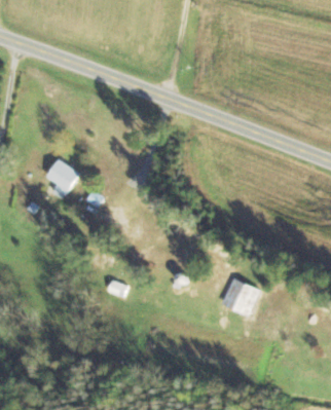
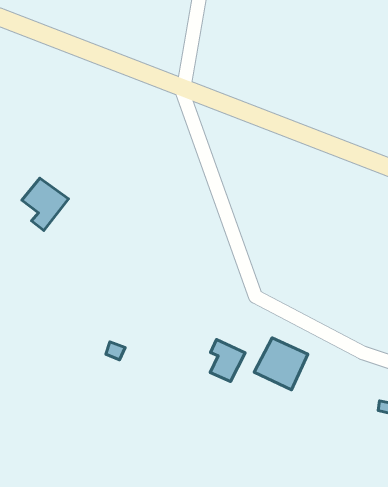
building: none -> [210,340,245,382]

